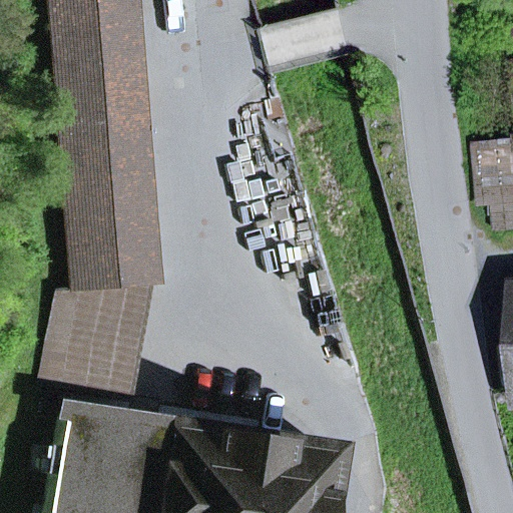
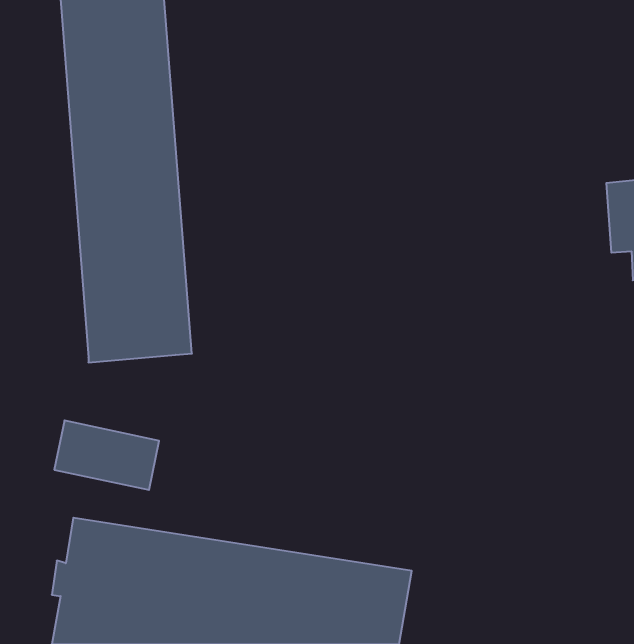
building: [60,282,148,350] -> none

